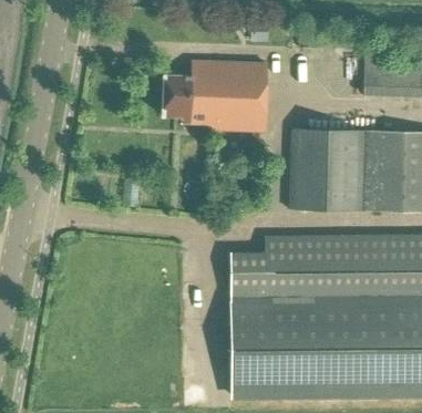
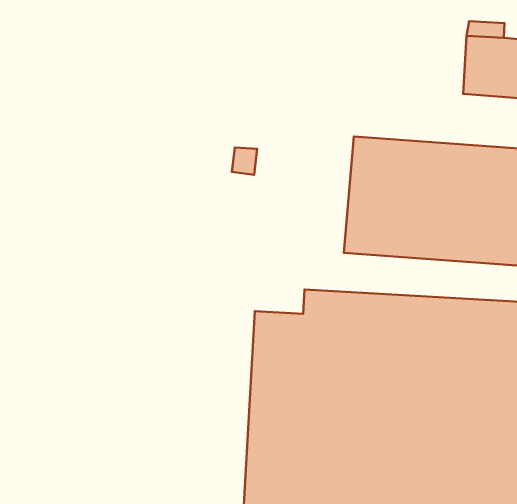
building: [163,61,269,132] -> none

